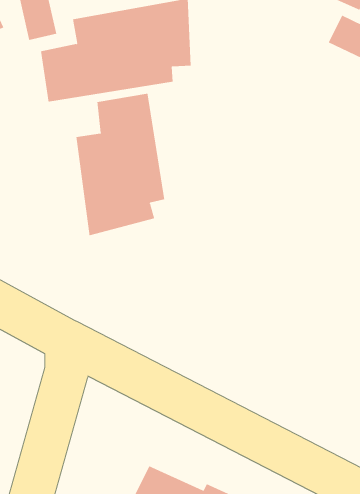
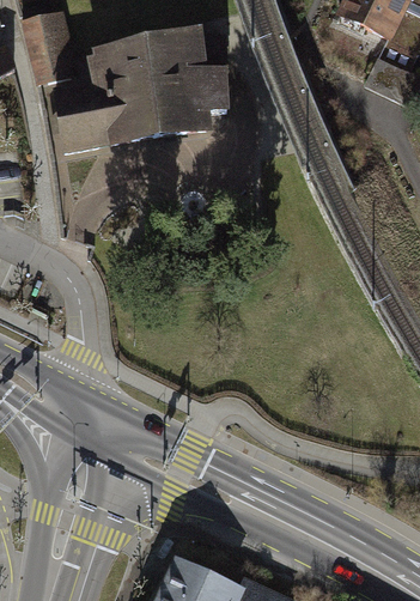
building: [76,93,165,236] -> none

